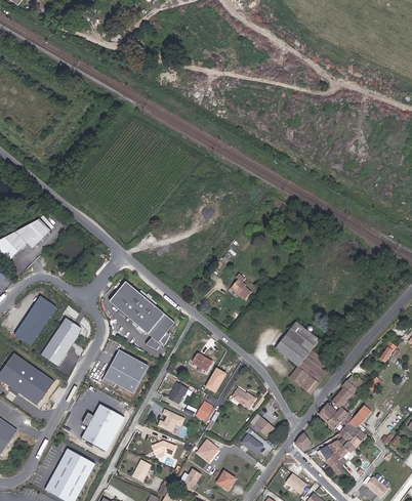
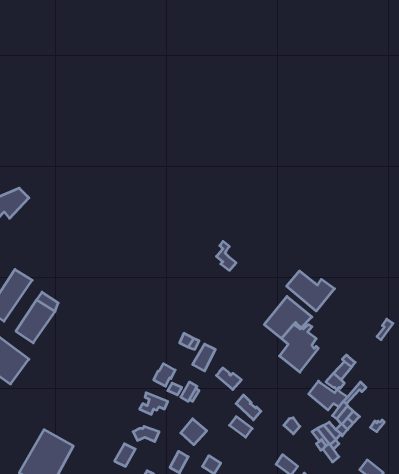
building: [106,284,173,351] -> none
building: none -> [287,271,335,311]
building: [100,349,148,393] -> none
building: [81,404,123,450] -> none

